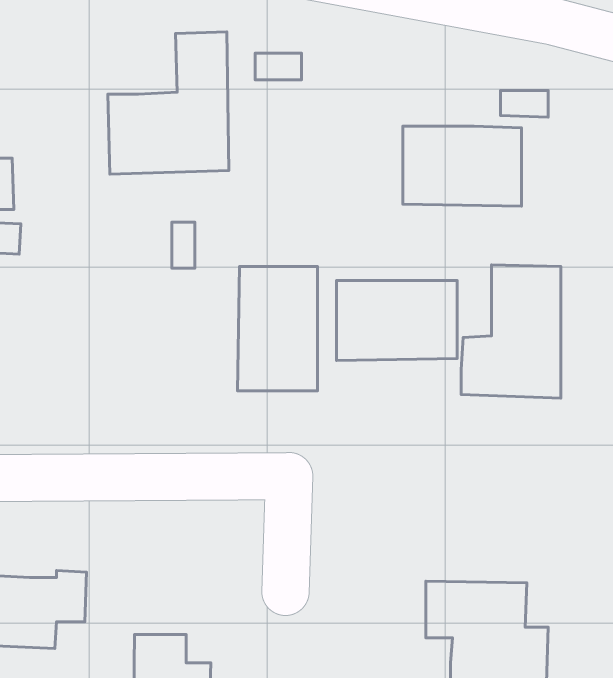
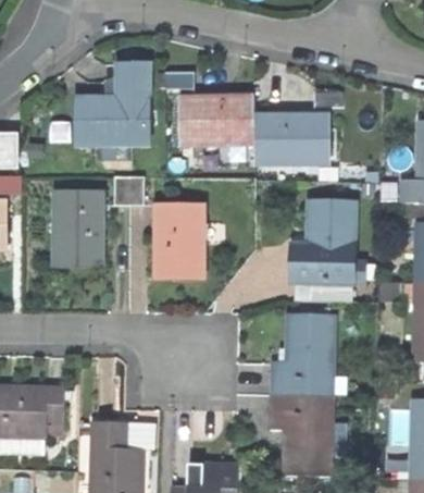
building: none -> [54,190,104,266]
building: [336,280,457,360] -> [182,96,255,145]
building: none -> [270,316,333,396]

